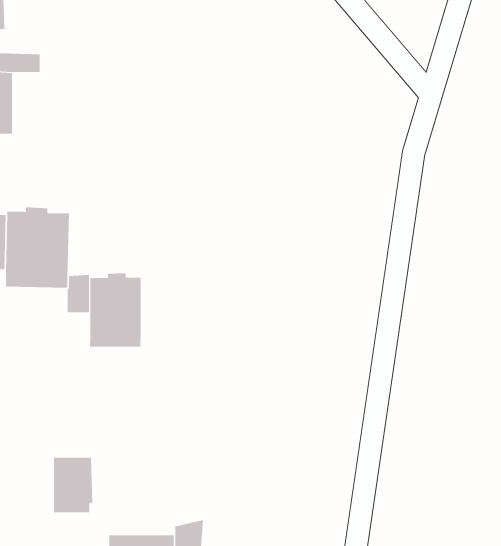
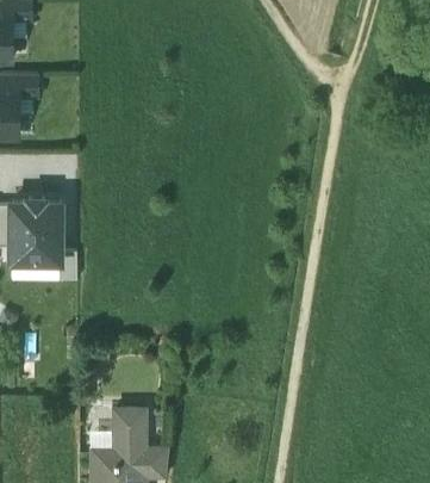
building: [90,272,141,348] -> none
building: [53,457,93,513] -> [114,409,145,452]

